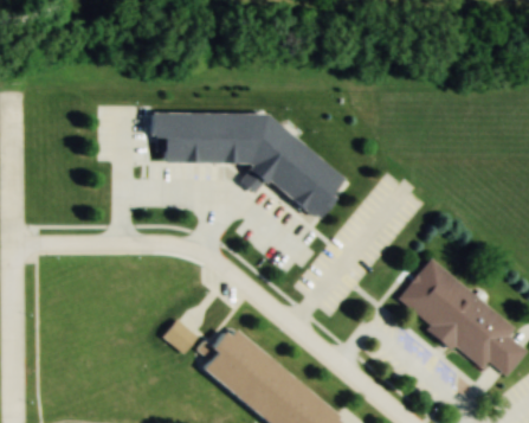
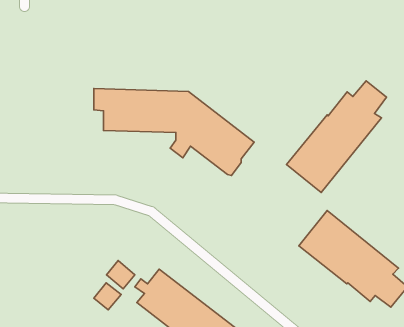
building: none -> [287,81,387,193]
building: none -> [94,283,121,310]

